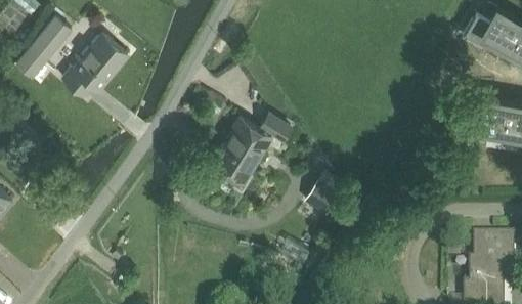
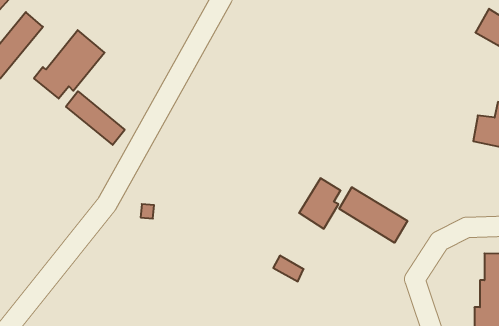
building: none -> [66,91,125,145]
building: [212,110,290,178] -> none
building: none -> [339,187,407,243]

